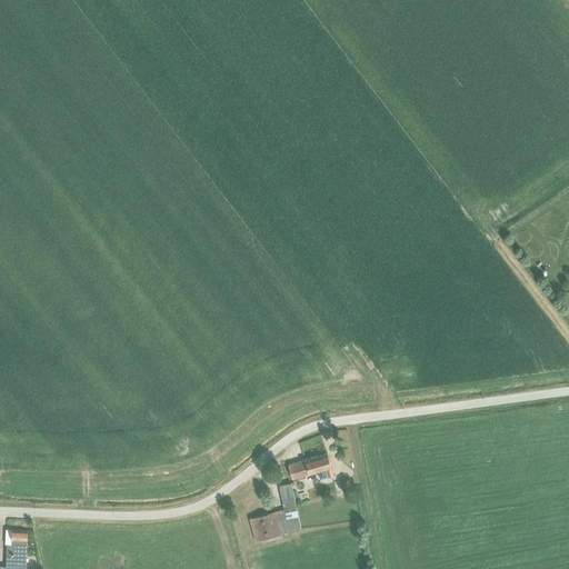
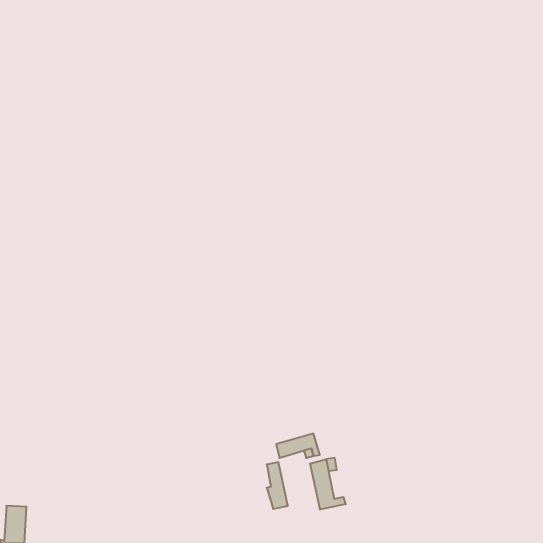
building: none -> [310,459,346,510]
building: [249,510,286,541] -> none

